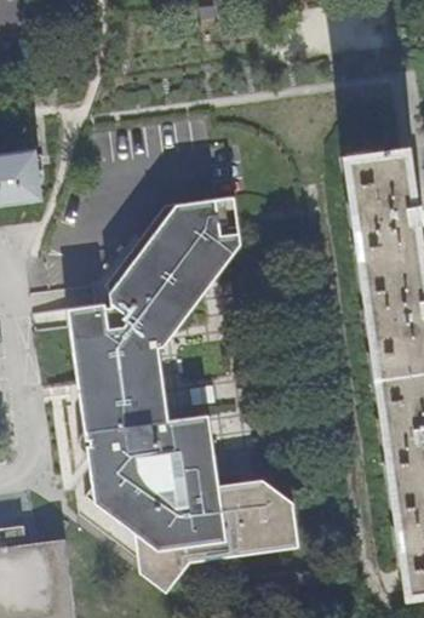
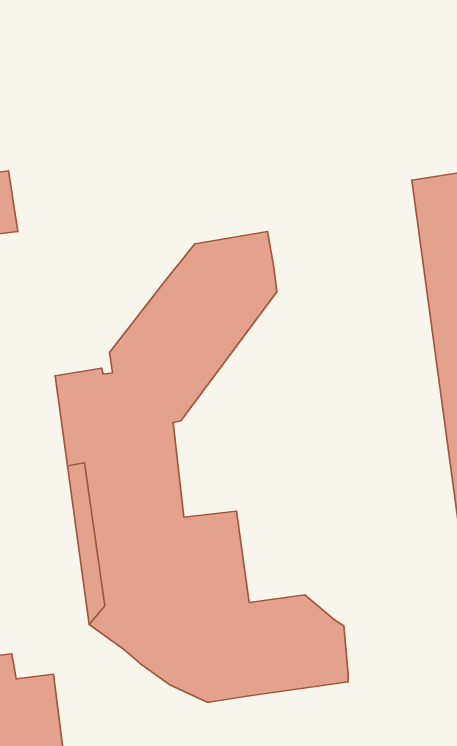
building: [136,534,188,591] -> none

